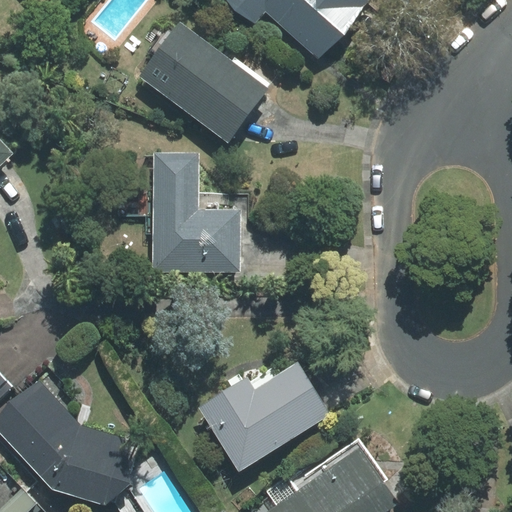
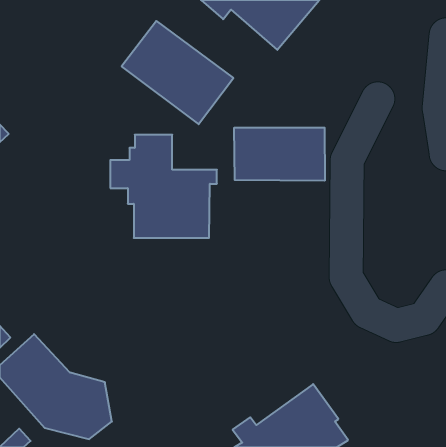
building: none -> [234,128,325,181]
building: [199,365,327,471] -> none

